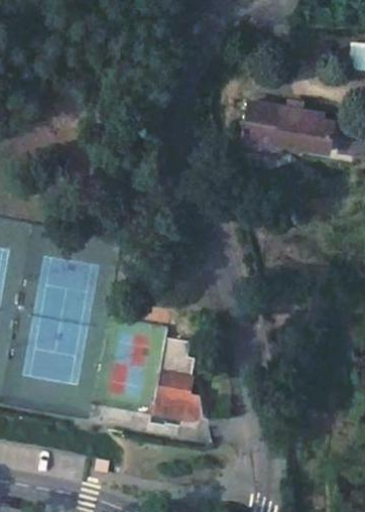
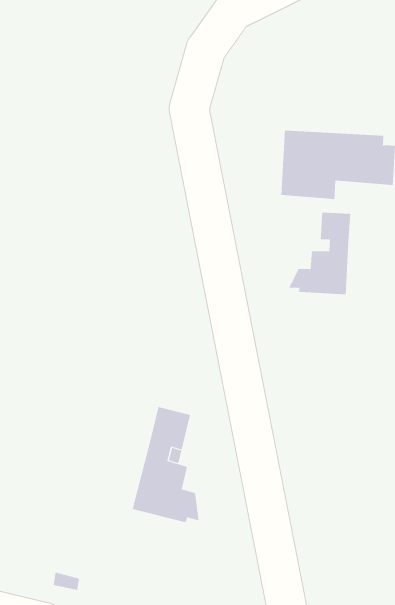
building: none -> [288,212,351,295]

